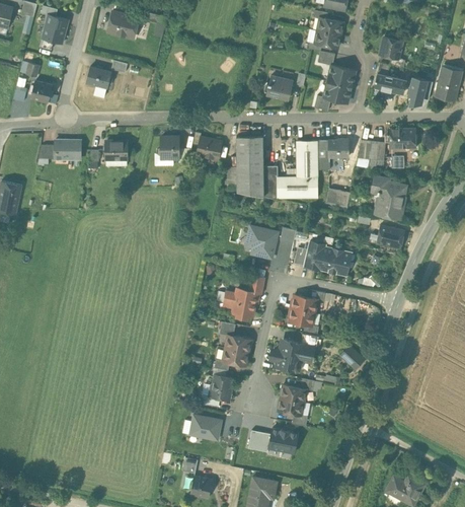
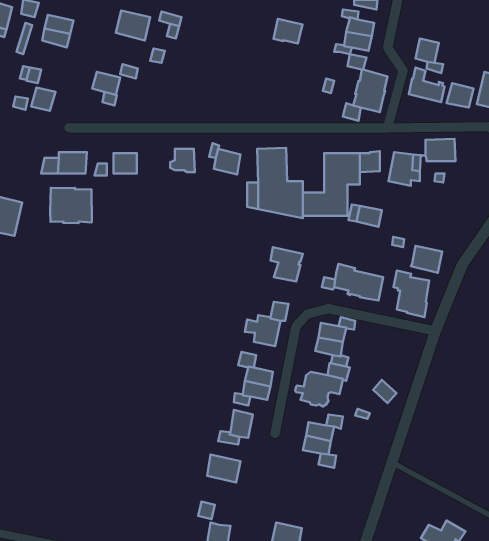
building: [266,76,293,98] -> [273,19,302,43]
building: none -> [50,188,92,223]
building: [373,176,405,219] -> [393,270,429,317]
building: [250,427,303,454] -> none

